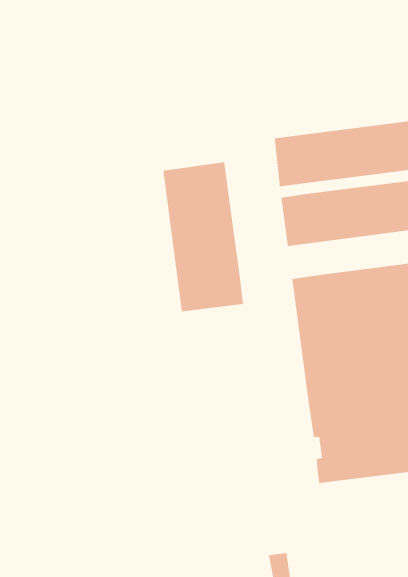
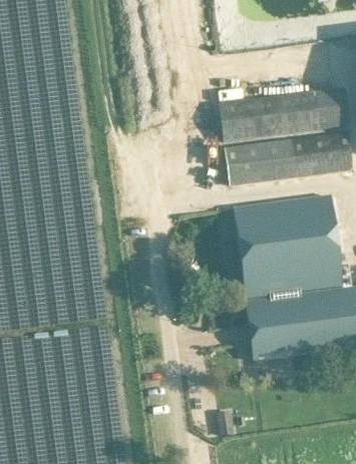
building: [163,161,243,312] -> none

